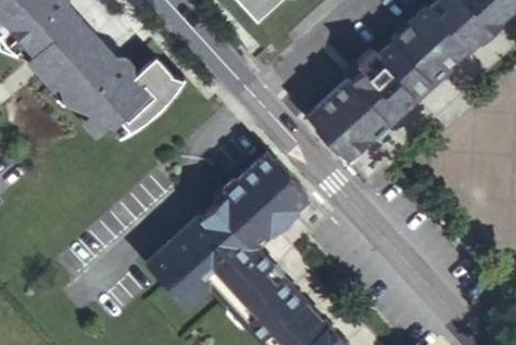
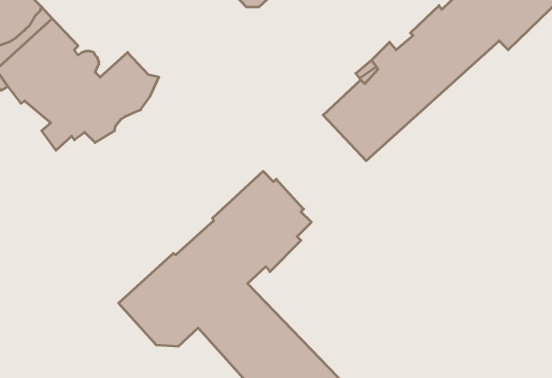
building: [309,46,470,164] -> none

